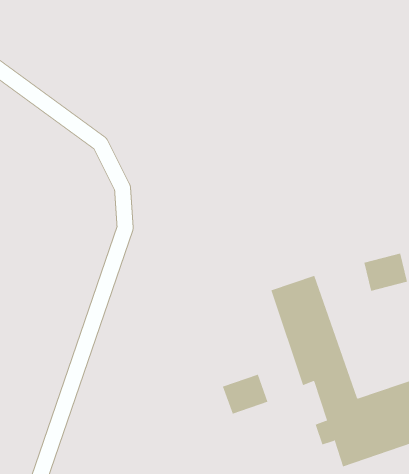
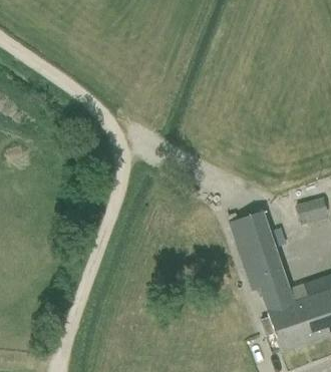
building: [222,374,268,414] -> none

